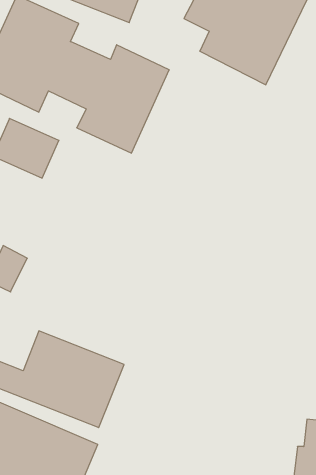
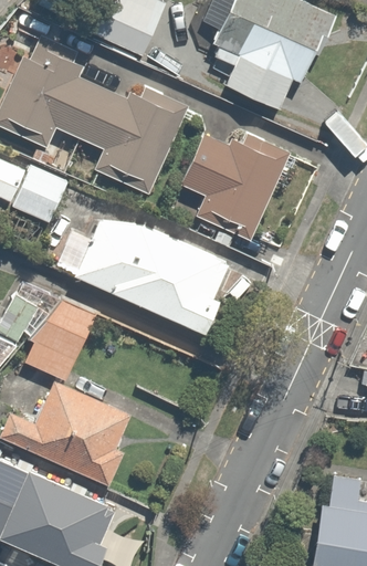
building: none -> [180,126,291,234]
building: none -> [73,222,229,337]
building: none -> [25,296,94,385]

